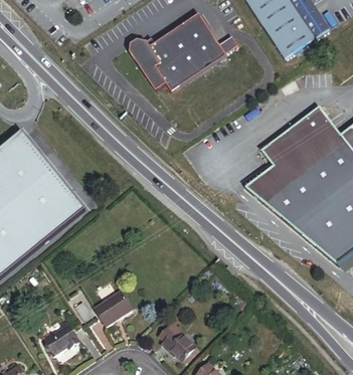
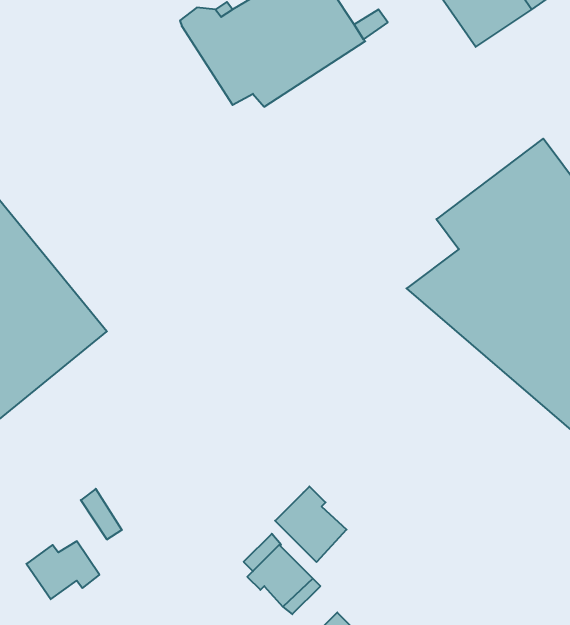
building: [95,288,133,326] -> none
building: none -> [275,486,347,562]

